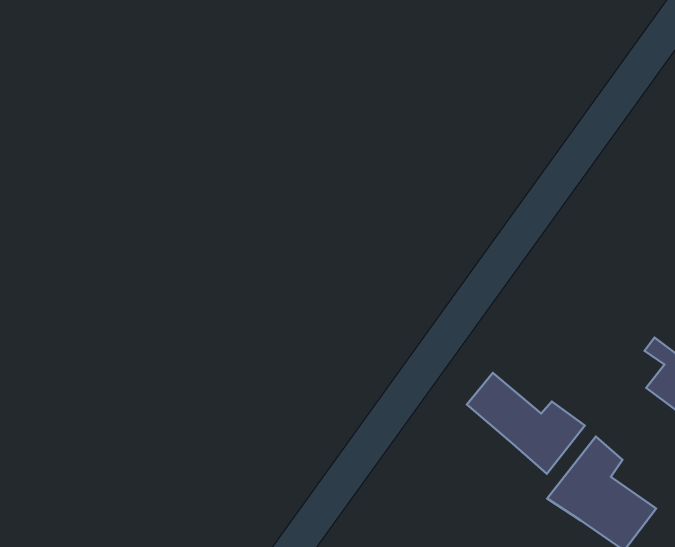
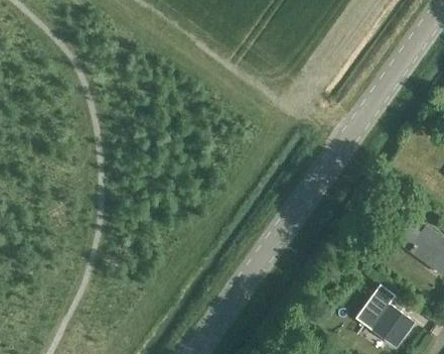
building: [467,373,585,474] -> none

